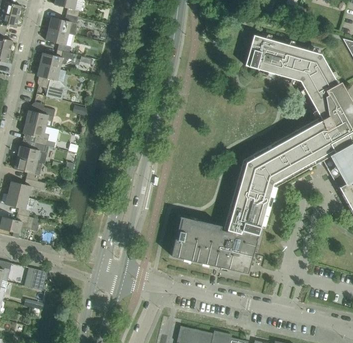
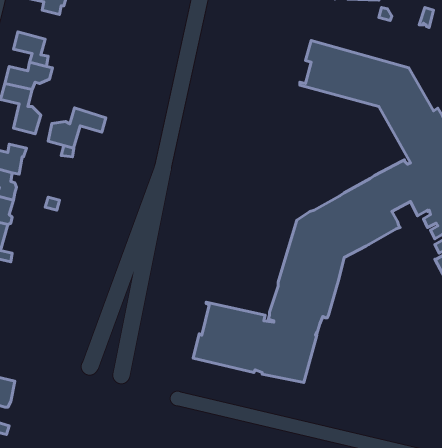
building: [49,14,78,36] -> none
building: none -> [48,108,106,148]

